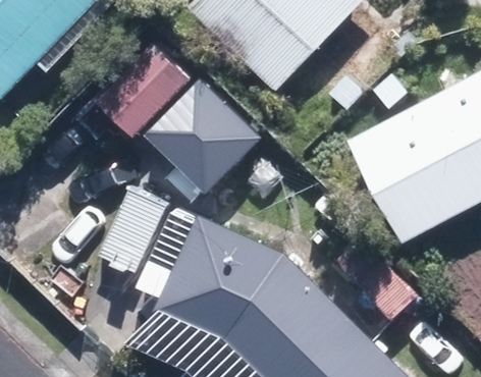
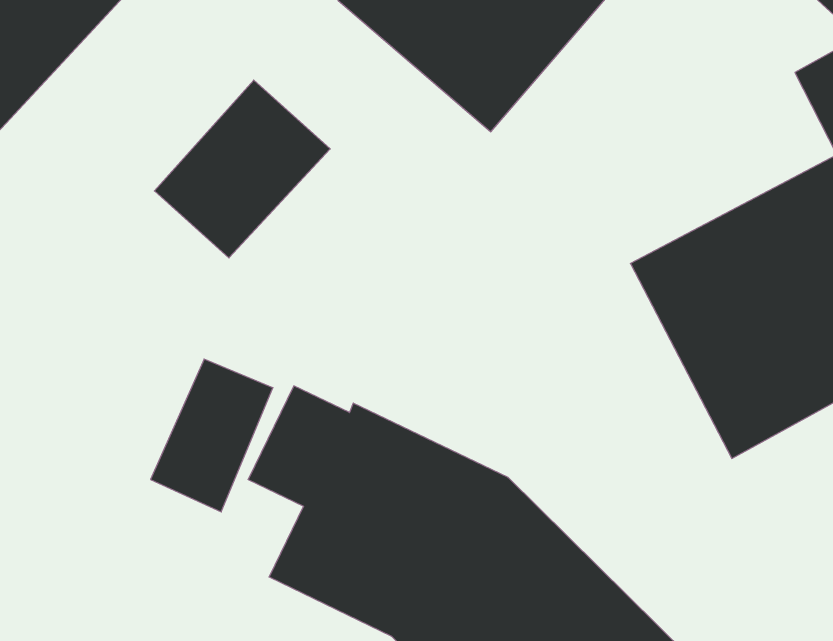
building: [147,88,264,205] -> none

